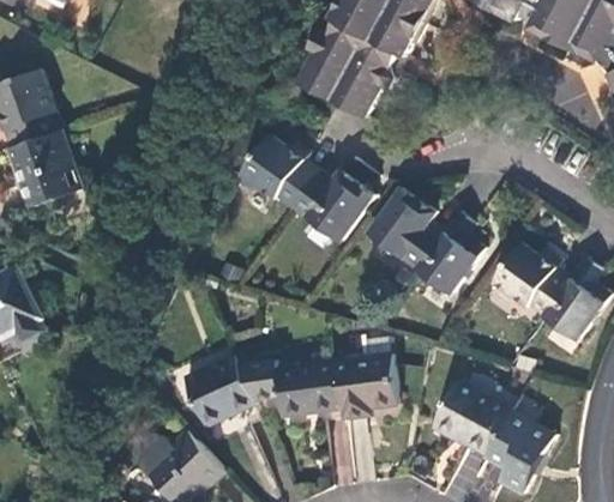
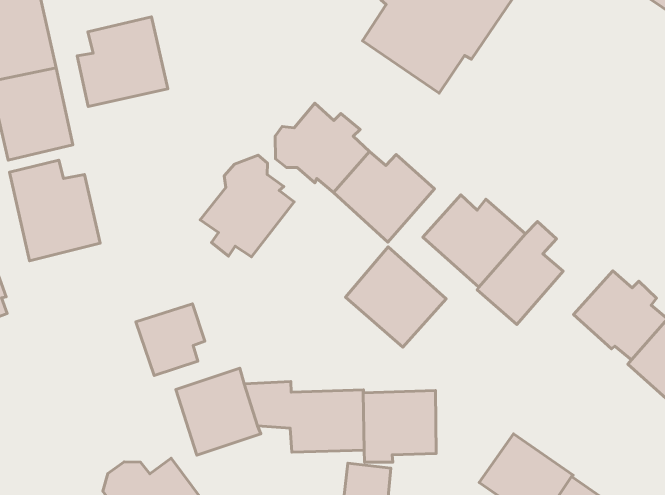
building: none -> [77,17,168,106]
building: none -> [200,155,294,257]
building: none -> [9,160,100,261]
building: none -> [346,247,446,347]
building: none -> [136,304,205,375]

